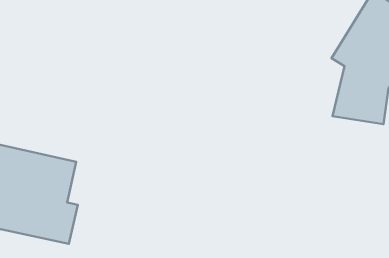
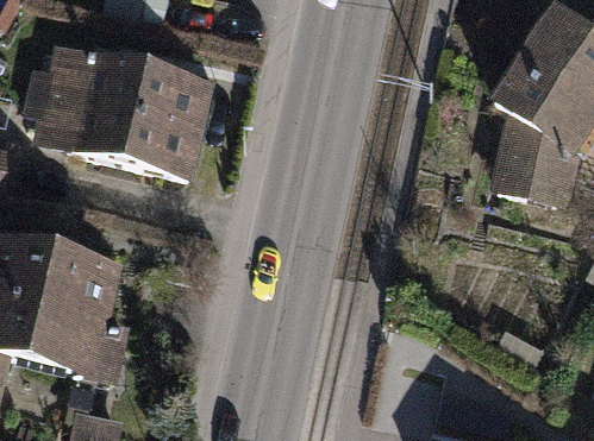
building: none -> [33,45,213,174]

